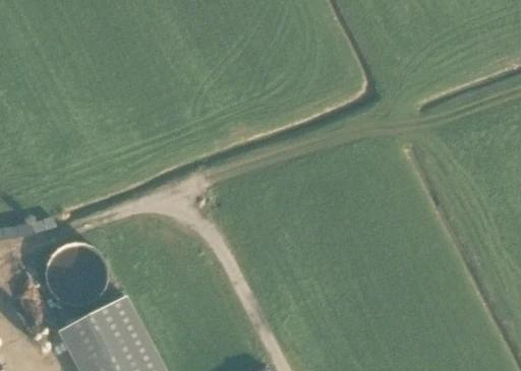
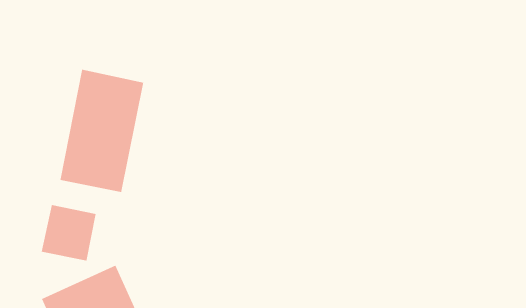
building: none -> [60,69,144,193]

